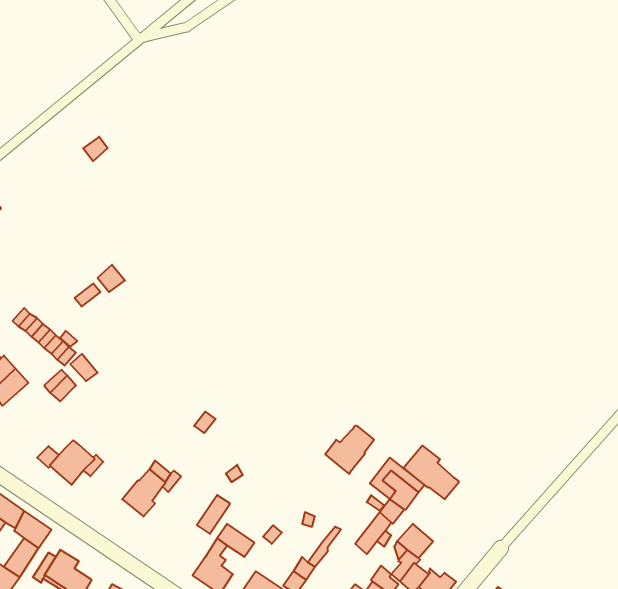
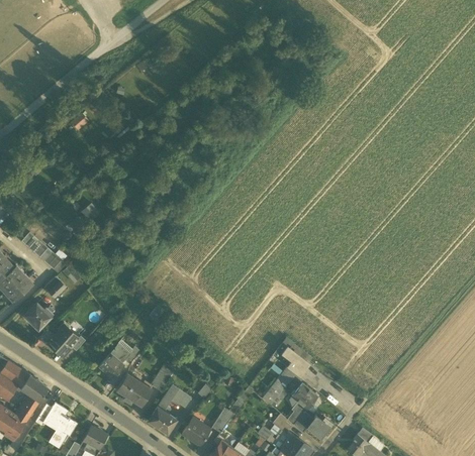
building: none -> [23,303,54,330]
building: [325,426,374,474] -> none
building: [403,446,459,499] -> none
building: none -> [116,374,152,407]

